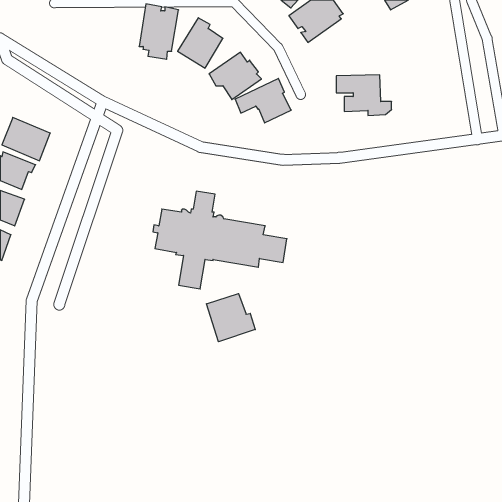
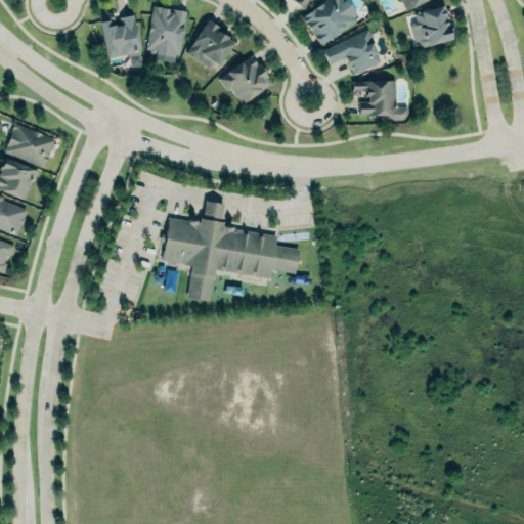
building: none -> [412,6,453,49]
building: none -> [100,15,141,59]
building: [235,78,291,123] -> [323,30,382,76]
building: [206,294,255,342] -> none

